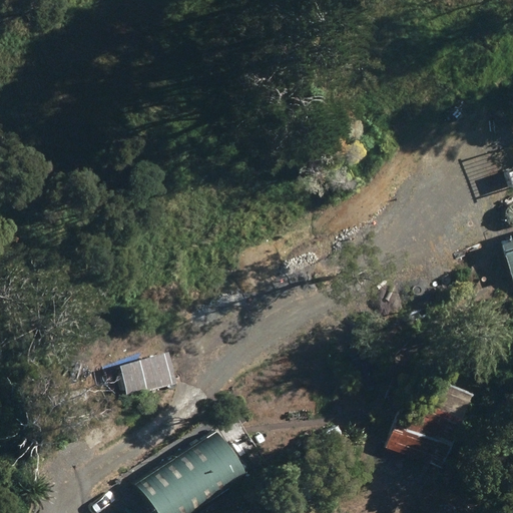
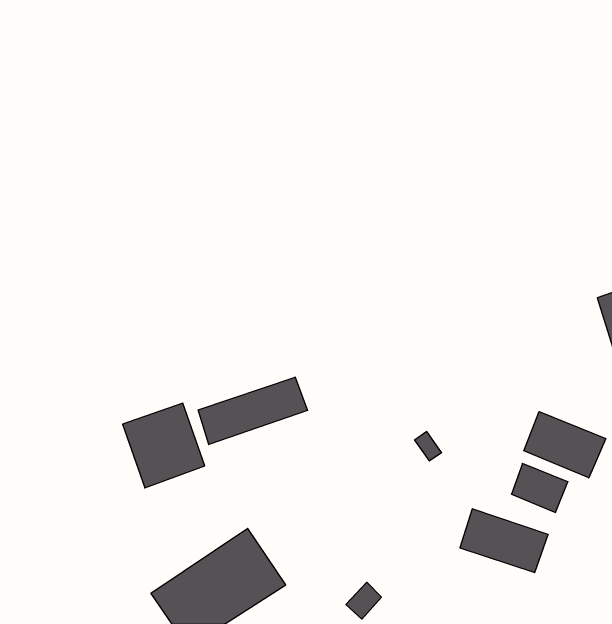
building: none -> [198,377,307,445]
building: none -> [524,412,606,478]

